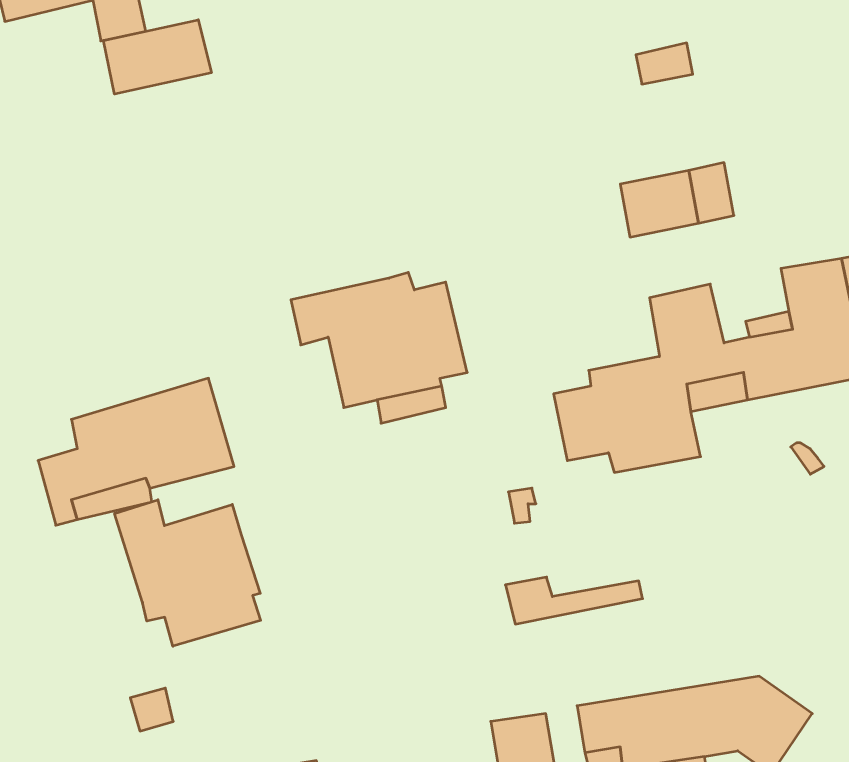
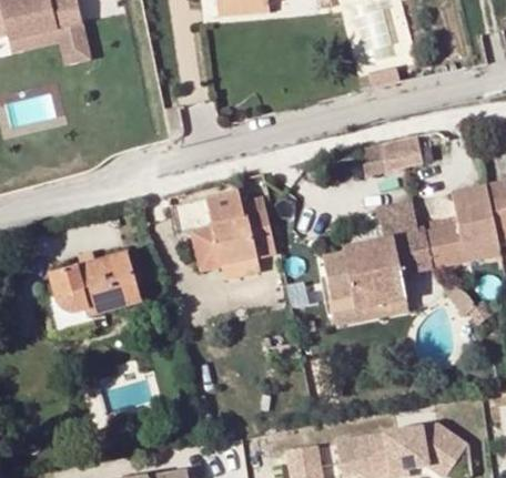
building: [104,20,211,94] -> none
building: [115,500,261,646] -> none
building: [505,577,643,624] -> [330,295,407,322]

